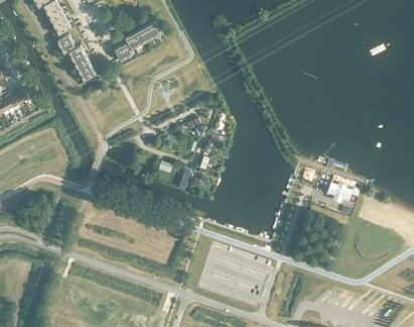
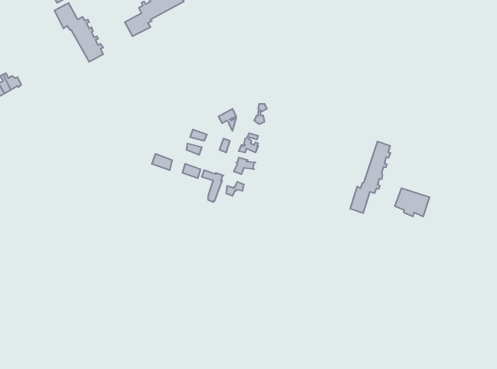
building: none -> [350,142,391,213]

